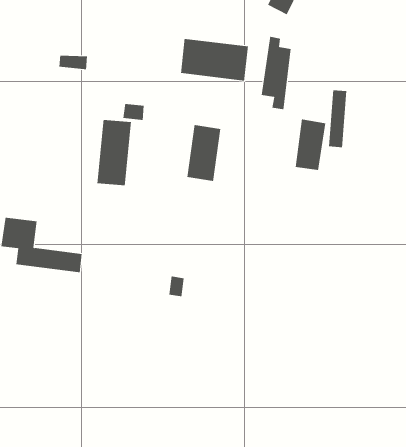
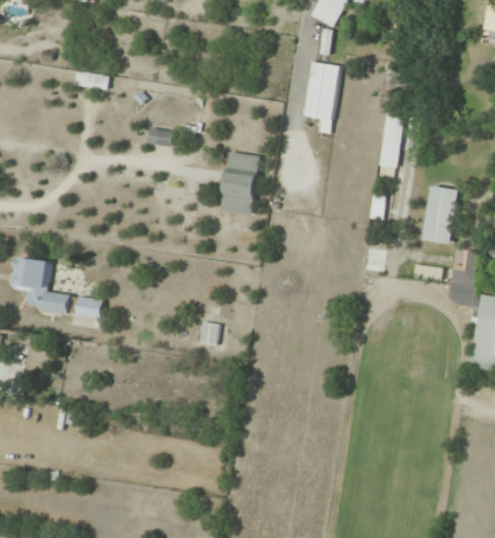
building: [180,38,248,81] -> none
building: [295,119,326,170] -> [423,185,458,243]
building: [97,119,132,186] -> none

